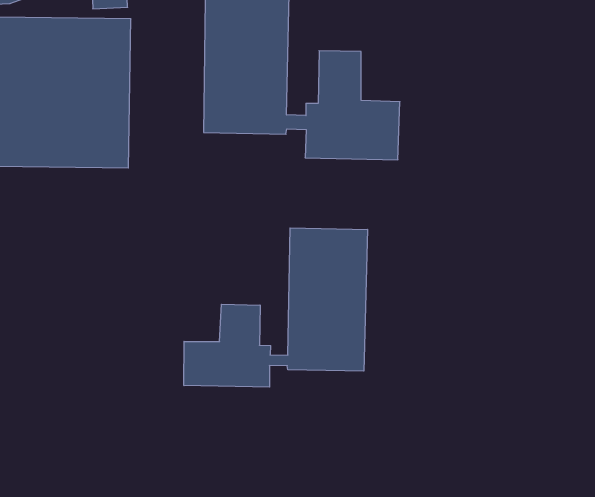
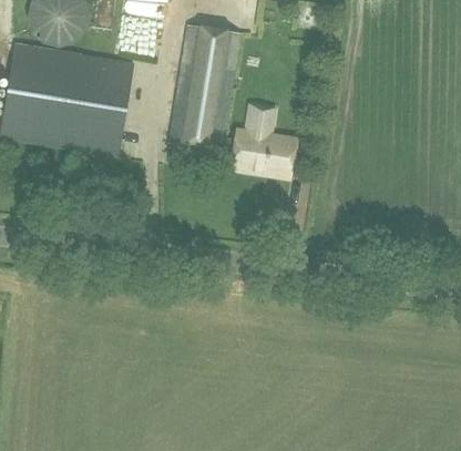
building: [184,228,368,387] -> none

